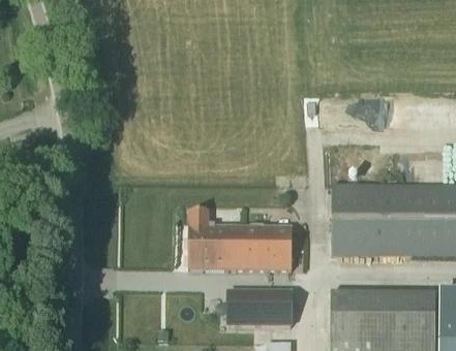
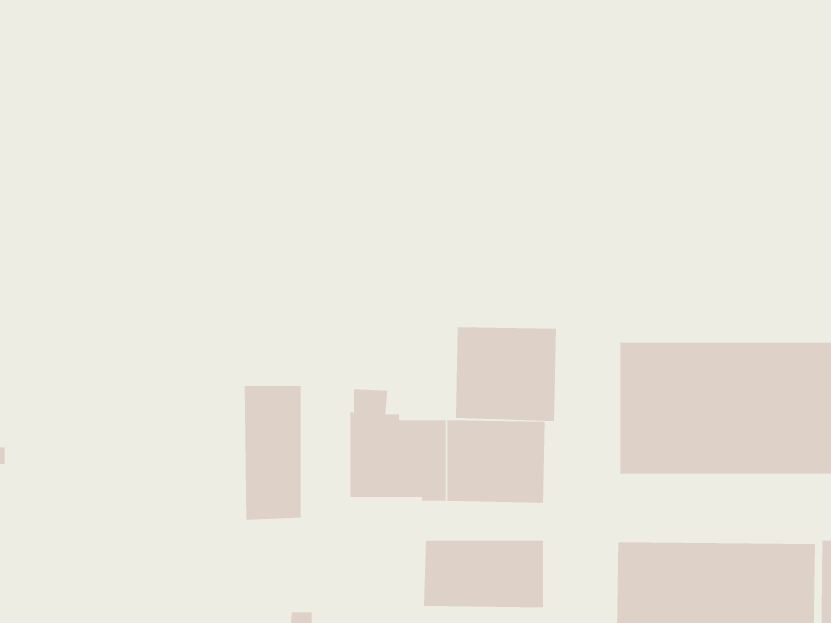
building: none -> [456,327,556,422]
building: none -> [244,385,301,520]

